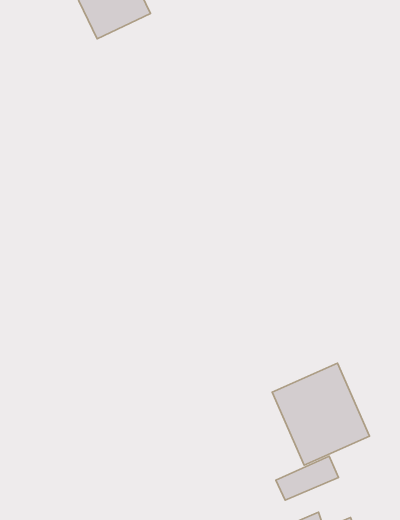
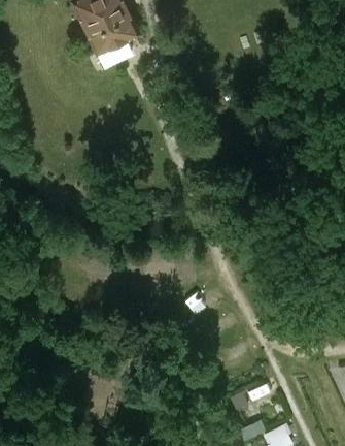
building: [272,363,369,465] -> none

